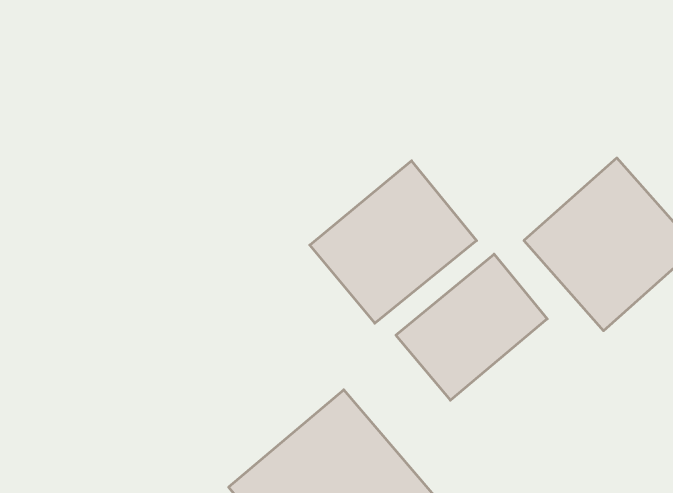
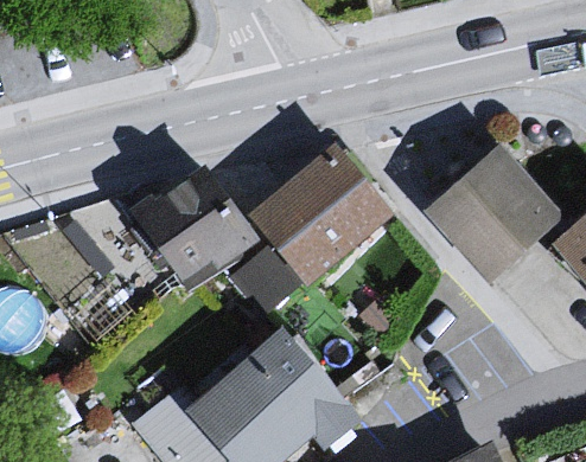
building: none -> [129,175,251,287]
building: [396,254,547,400] -> none

